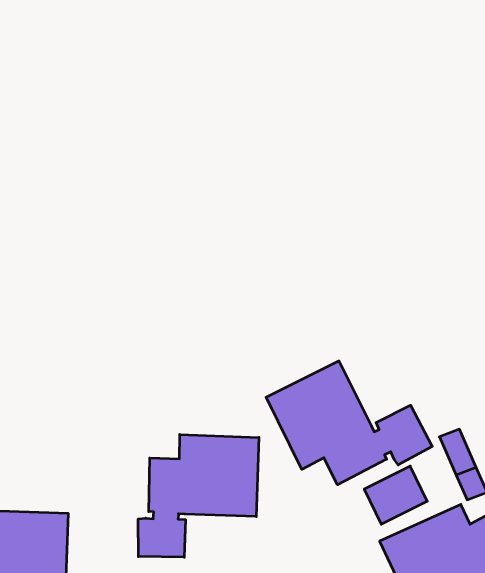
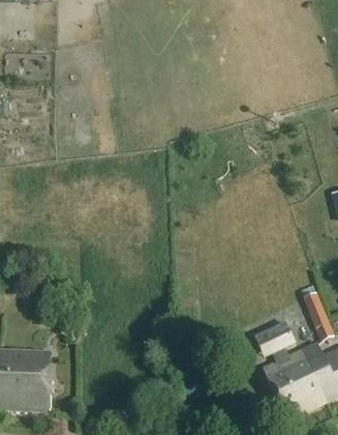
building: [266,361,432,485] -> none
building: [138,434,259,557] -> none

